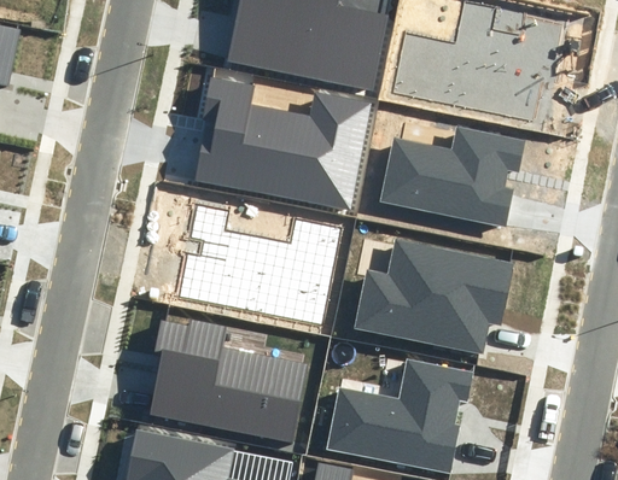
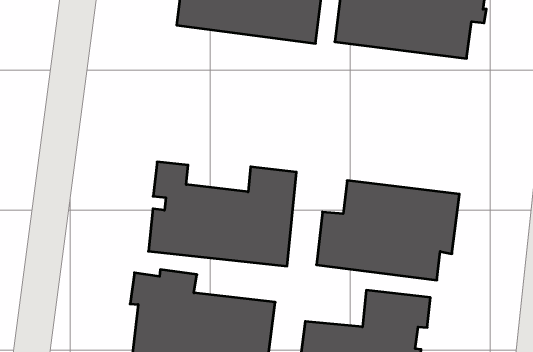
building: [193,77,371,210] -> none
building: [379,127,524,228] -> none

